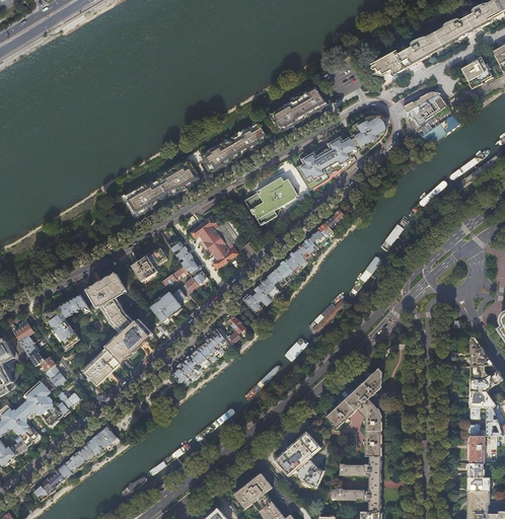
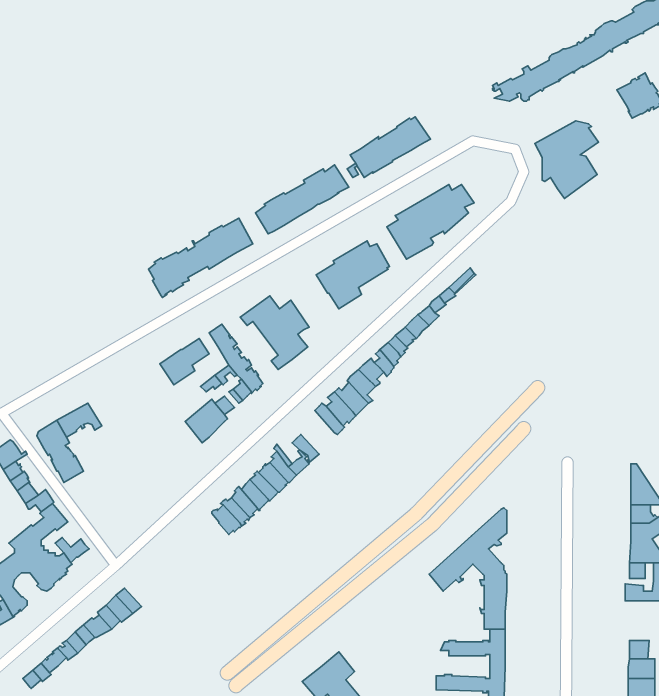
building: [349,116,385,149] -> none
building: [84,273,151,382] -> none
building: [275,432,322,487] -> none
building: [470,435,485,463] -> none

